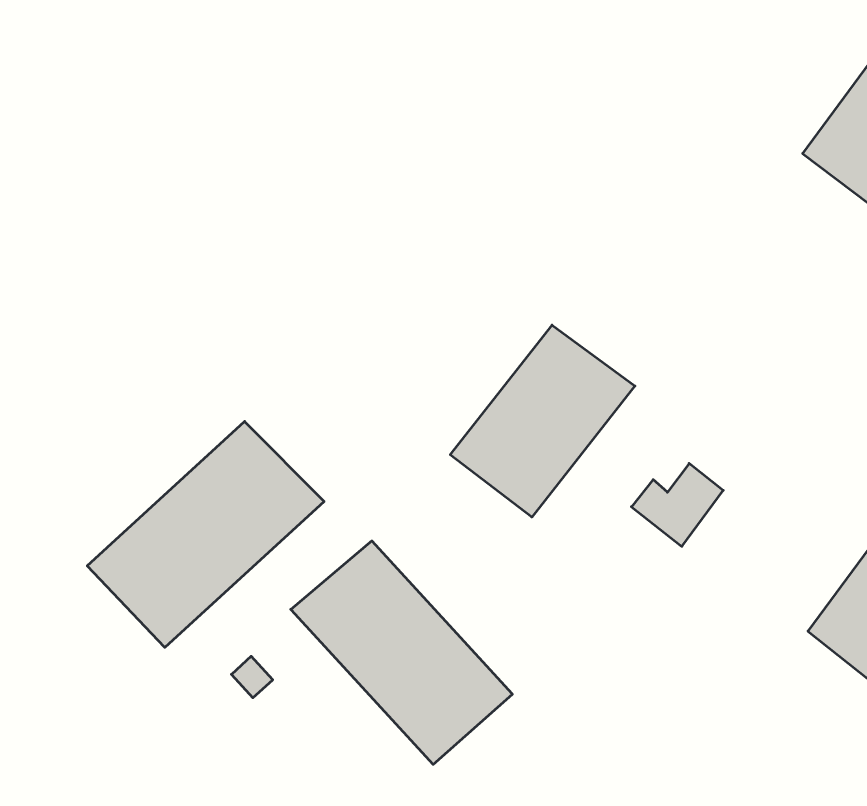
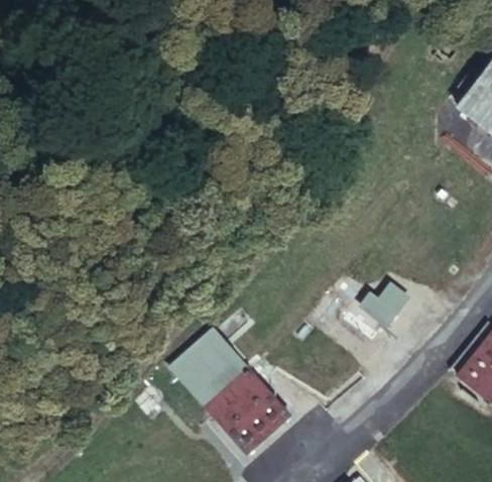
building: [450,325,635,517] -> none
building: [87,421,324,647] -> none

